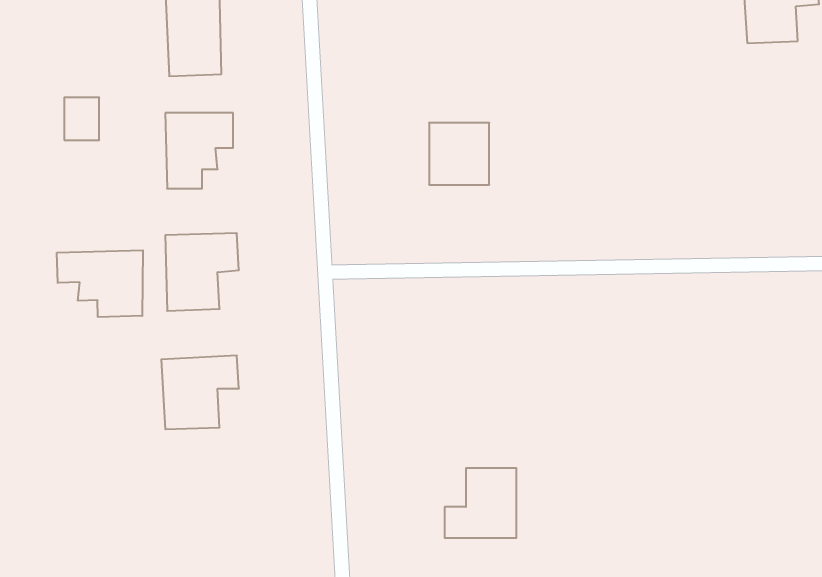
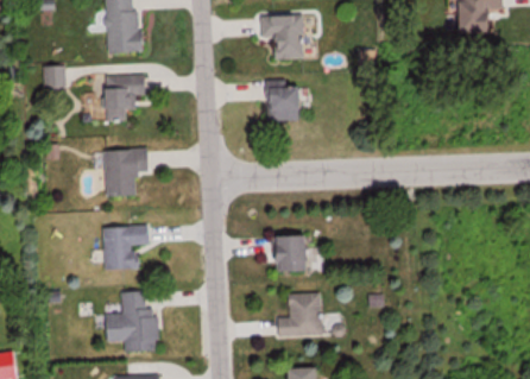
building: none -> [259,15,302,57]
building: [57,250,143,317] -> none
building: none -> [273,234,308,270]
building: none -> [103,290,158,350]

